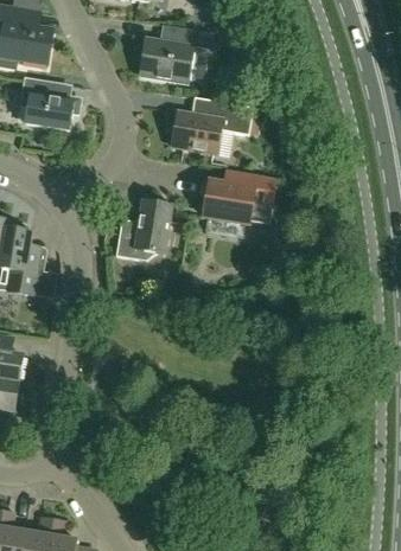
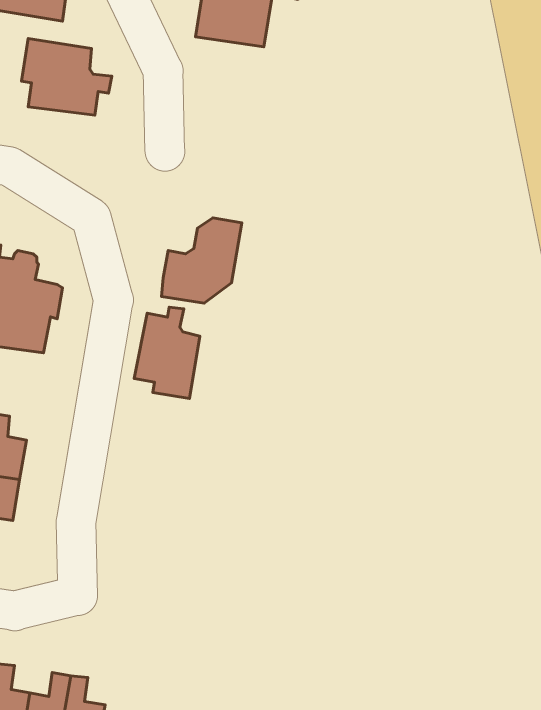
building: [172,100,254,153] -> none
building: [204,172,276,223] -> none
building: none -> [134,307,200,399]

